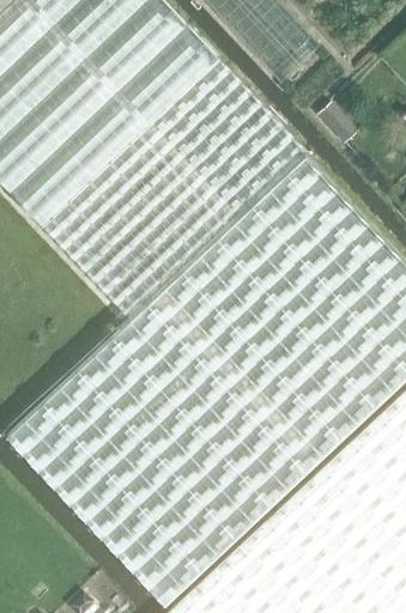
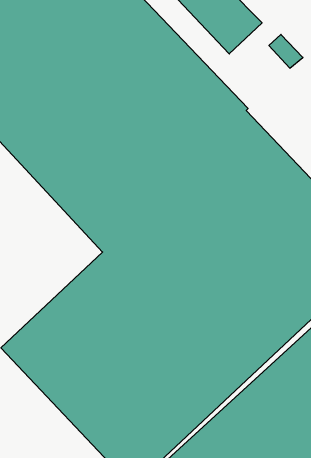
building: [317,96,358,136] -> [269,34,303,68]

